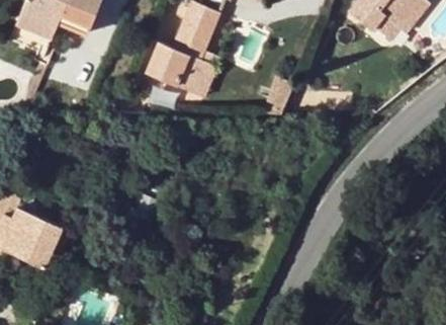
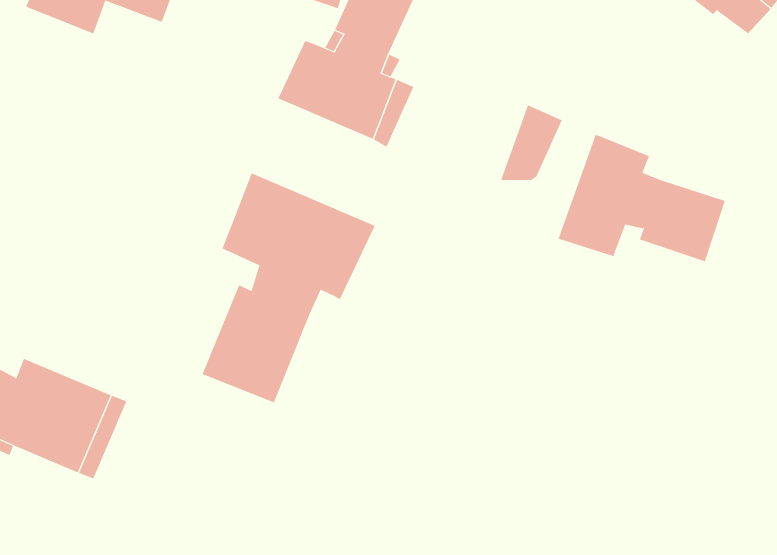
building: none -> [558,134,726,262]
building: none -> [202,172,375,403]

